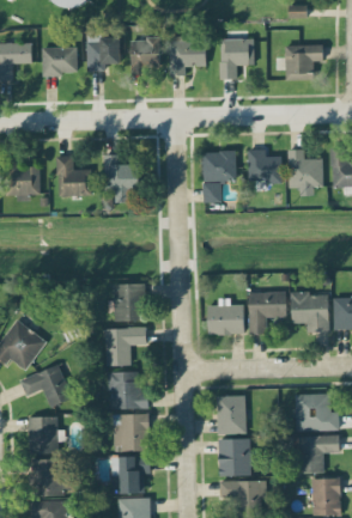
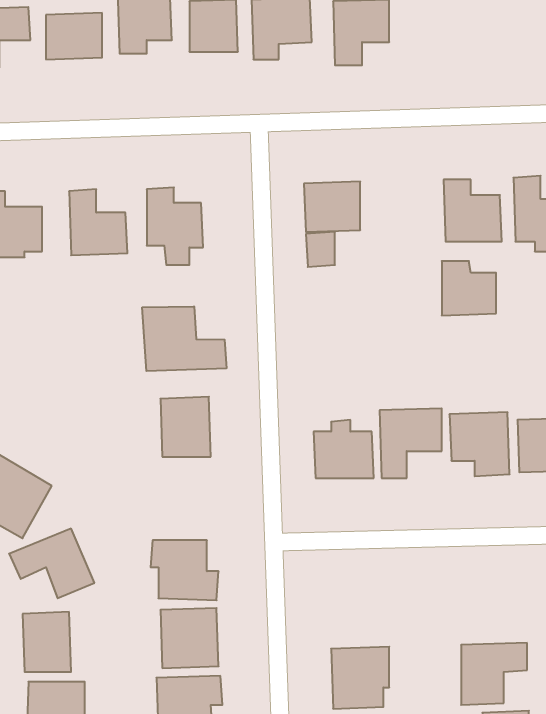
building: [285,44,322,80] -> none
building: [248,150,281,183] -> [442,261,496,315]
building: none -> [142,306,226,371]
building: [104,328,146,366] -> none
building: [295,394,338,431] -> none
building: [217,396,245,434] -> none

